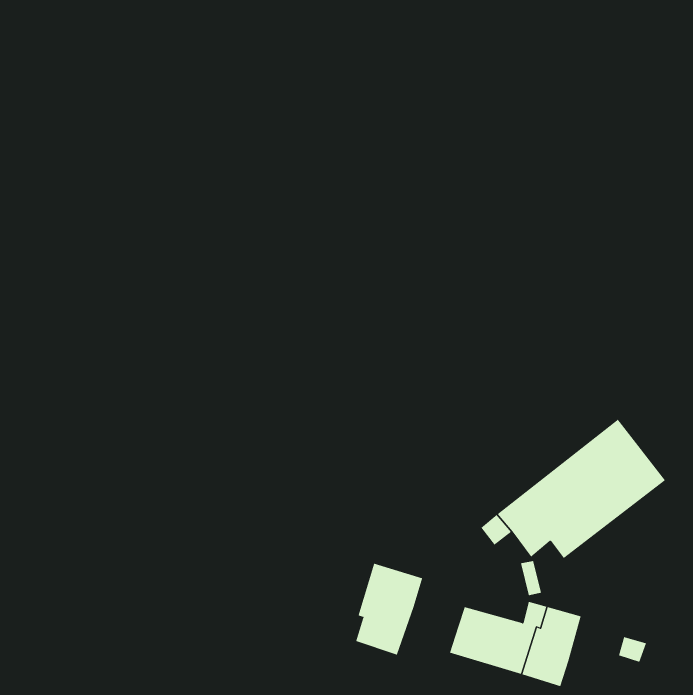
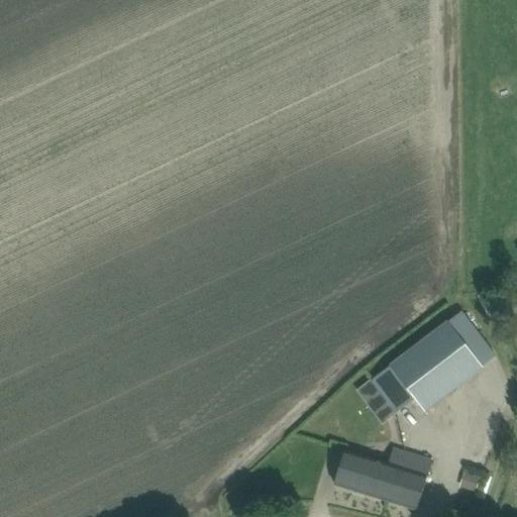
building: [355,563,423,655] -> none

